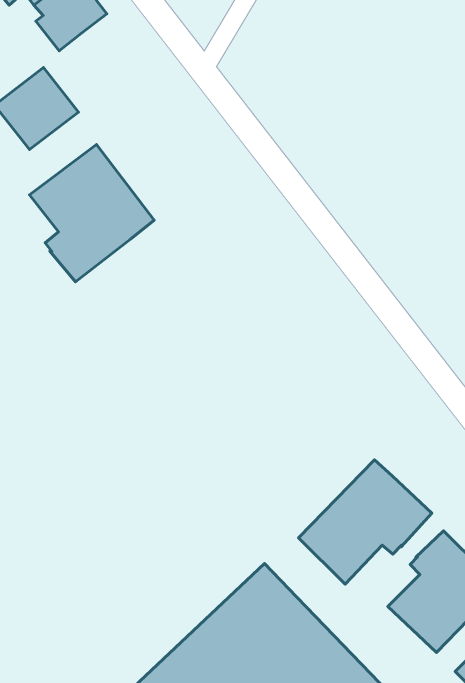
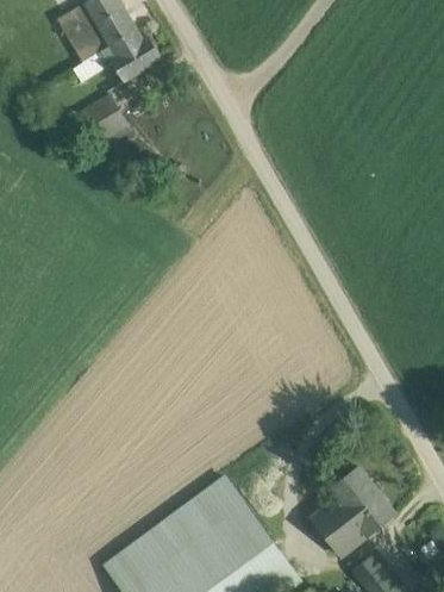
building: [29,145,154,282] -> none
building: [299,460,432,584] -> none

